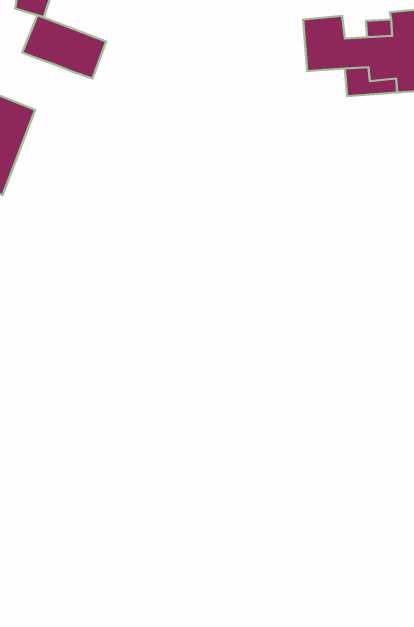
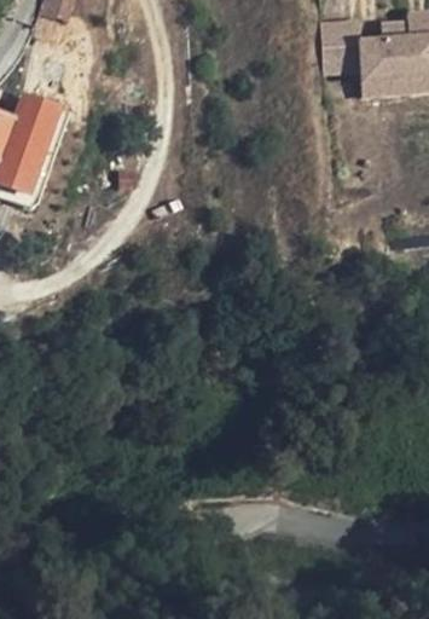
building: [22,15,106,78] -> none

